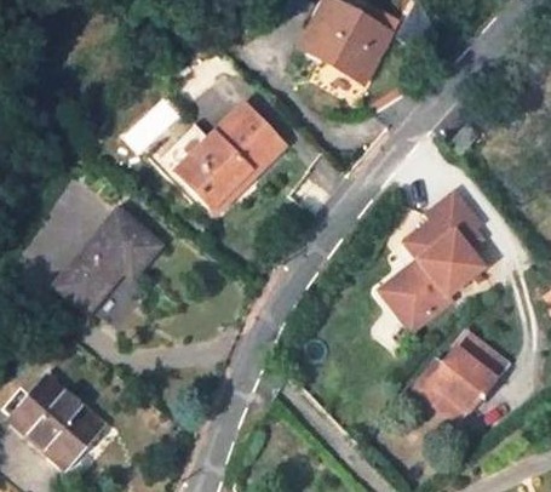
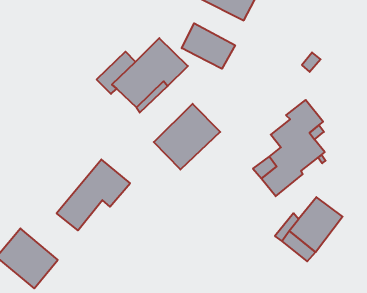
building: none -> [182,23,235,69]
building: none -> [154,104,220,170]
building: [57,208,162,310] -> [57,159,130,230]

